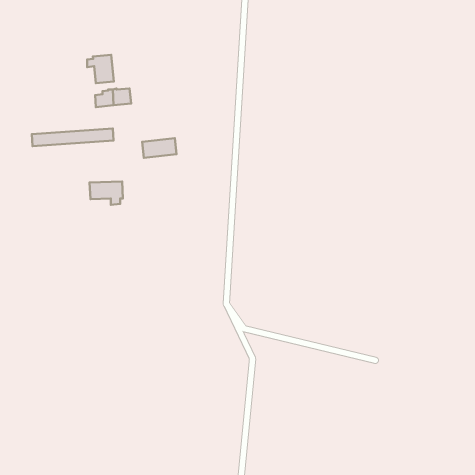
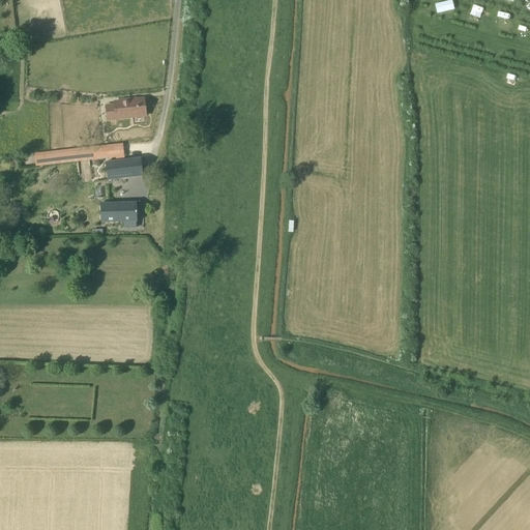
building: [87,55,114,83] -> none
building: [142,138,177,158] -> [106,157,144,179]

